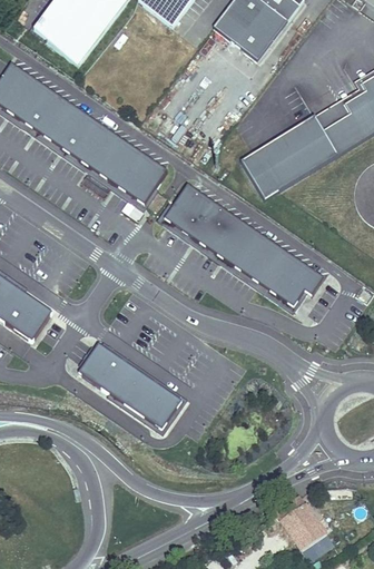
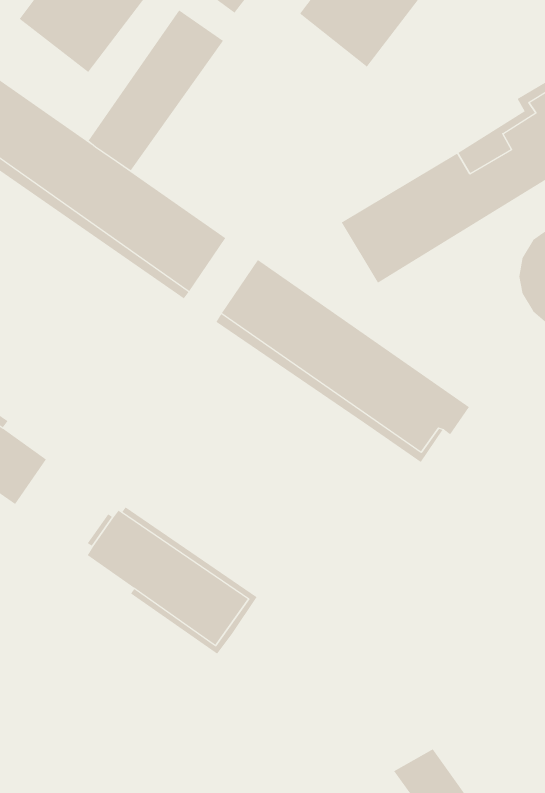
building: none -> [88,9,224,171]

